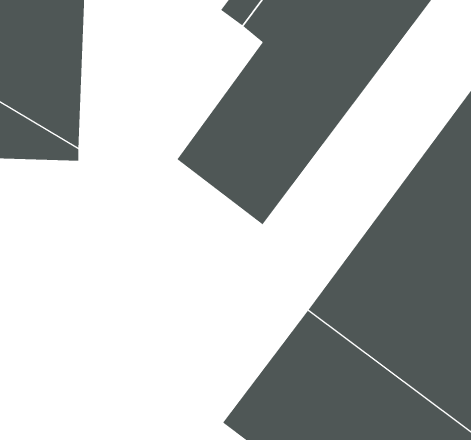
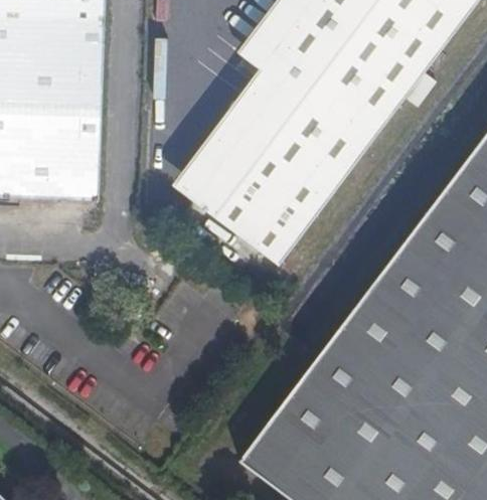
building: none -> [174,66,279,198]

